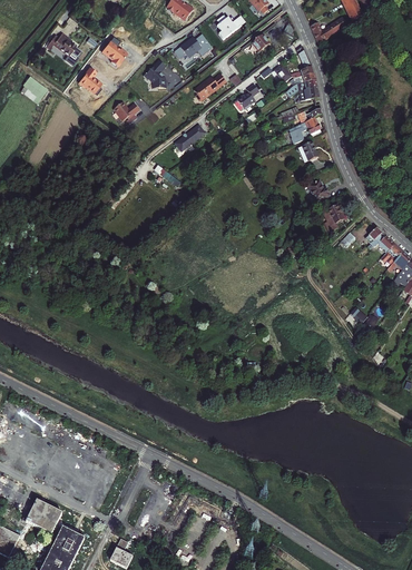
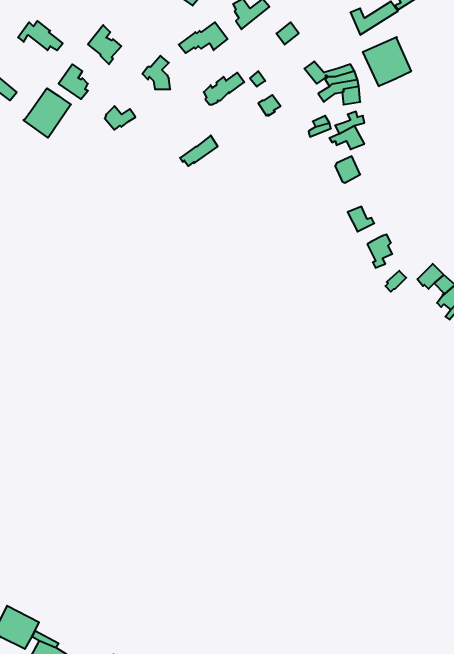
building: none -> [363,37,411,86]
building: none -> [23,88,71,138]

